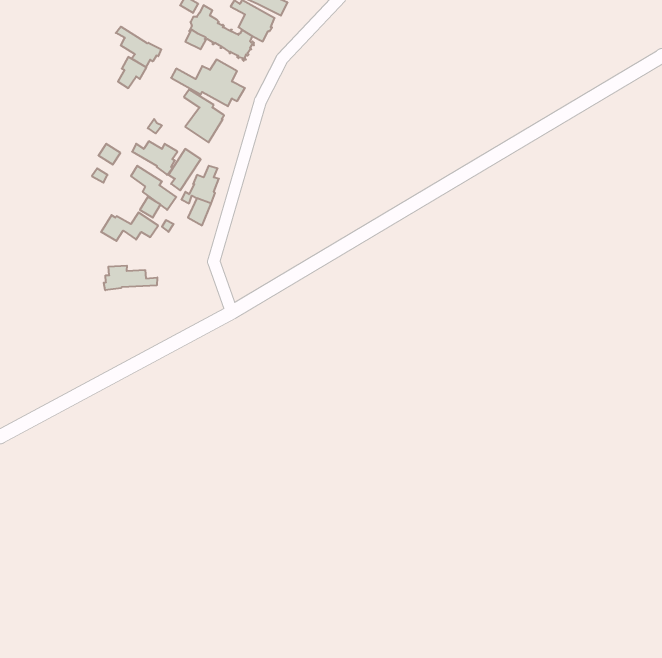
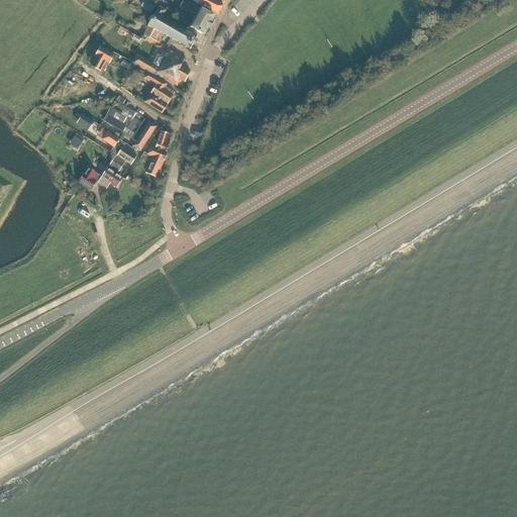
building: [116,27,161,67] -> none
building: [104,266,157,290] -> none

